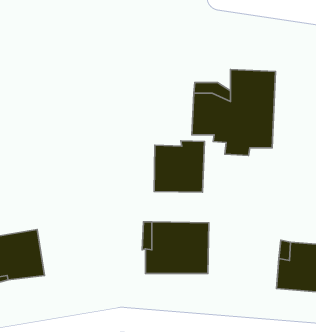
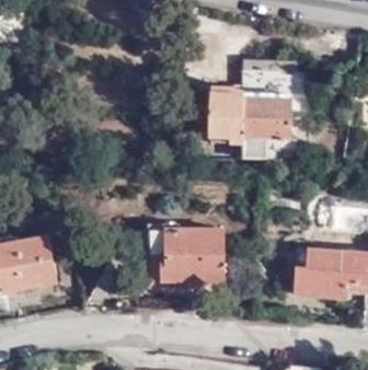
building: [154,141,205,192] -> none

